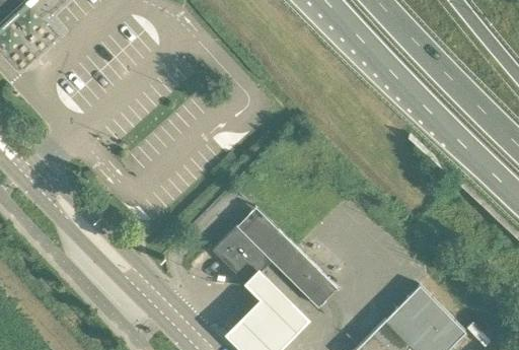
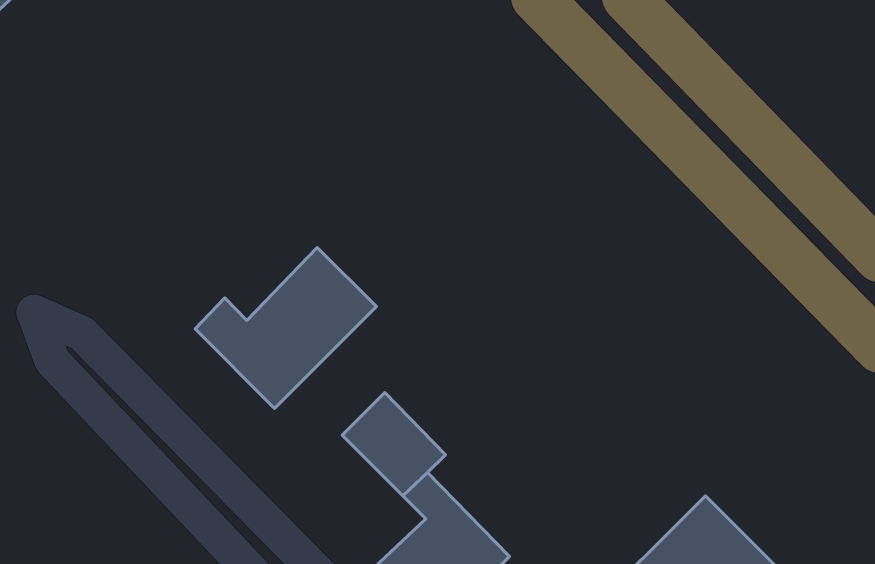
building: none -> [195,248,377,408]
building: [237,208,338,308] -> none

